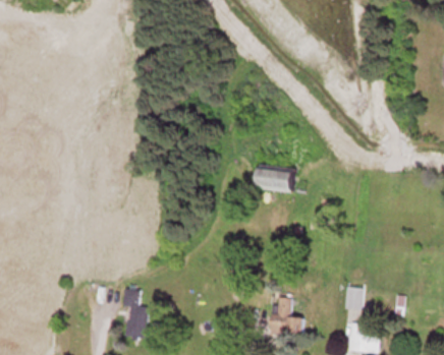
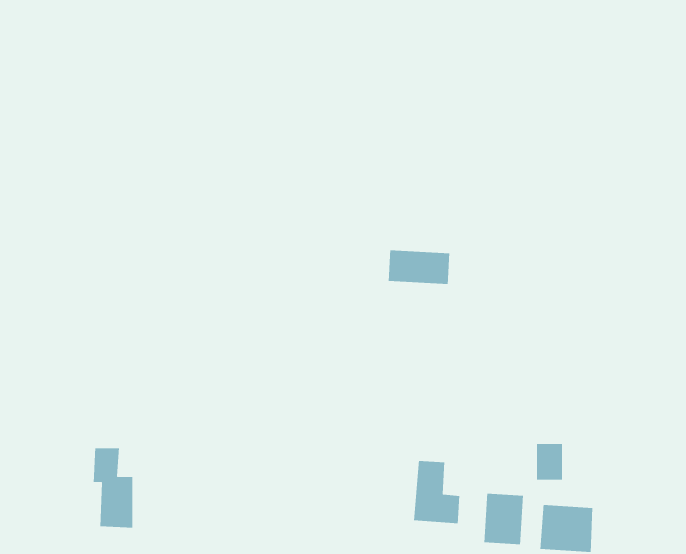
building: [122,288,147,337] -> [93,447,133,528]
building: none -> [483,493,524,545]

